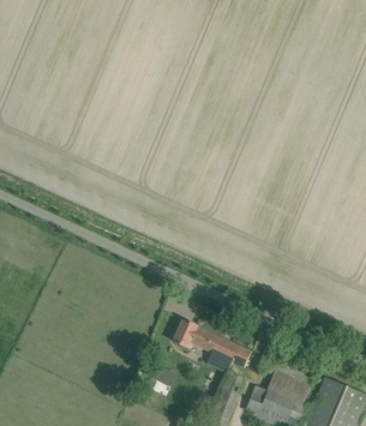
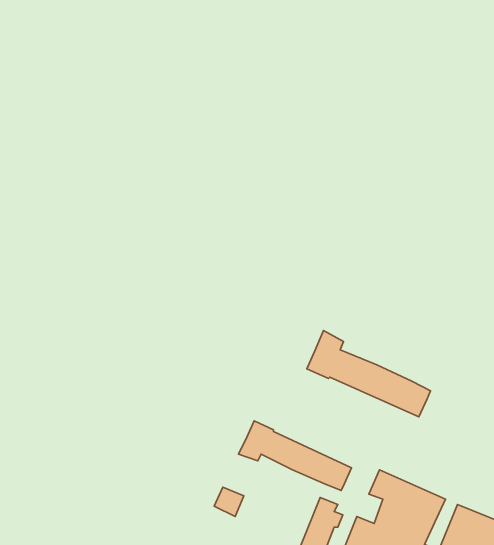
building: none -> [307,330,431,417]

